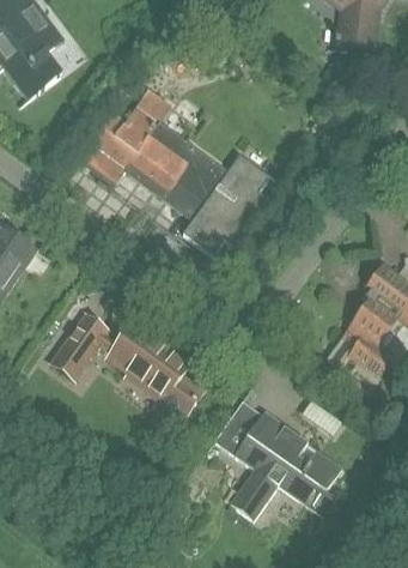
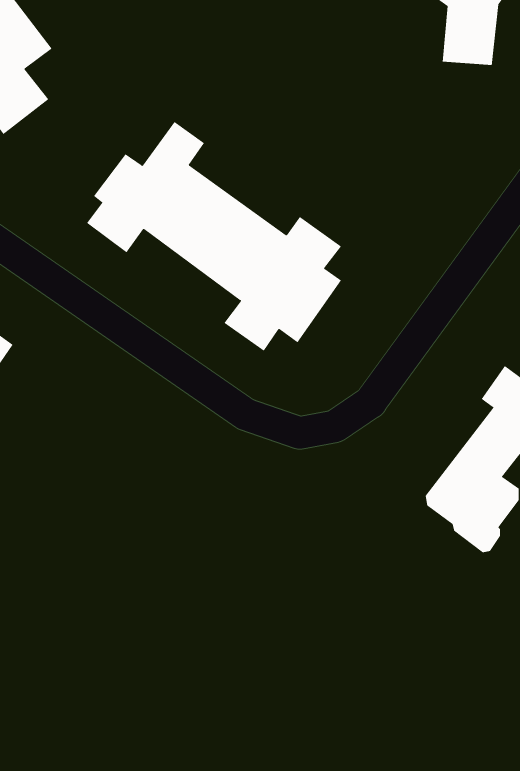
building: [49,313,201,422] -> none
building: [214,401,341,519] -> none

